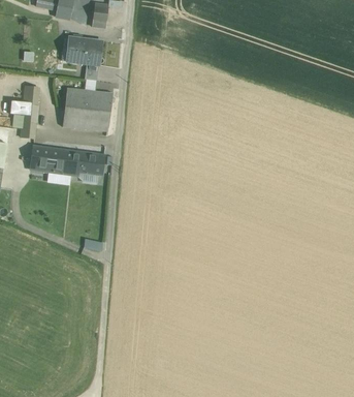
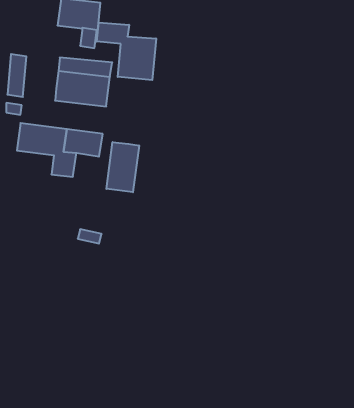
building: none -> [97,23,156,80]
building: none -> [106,142,139,192]

